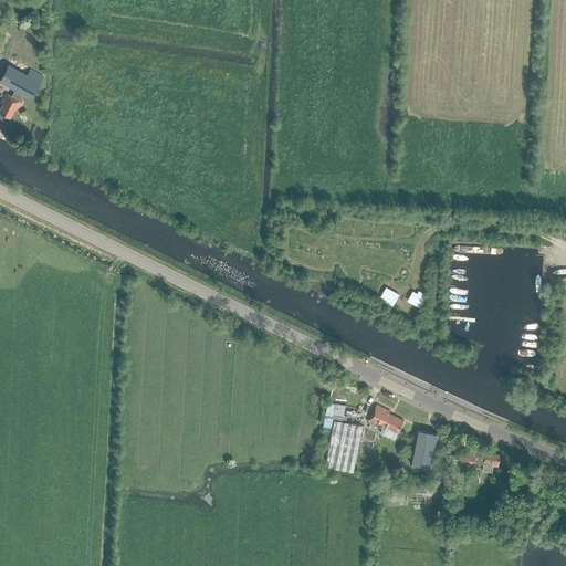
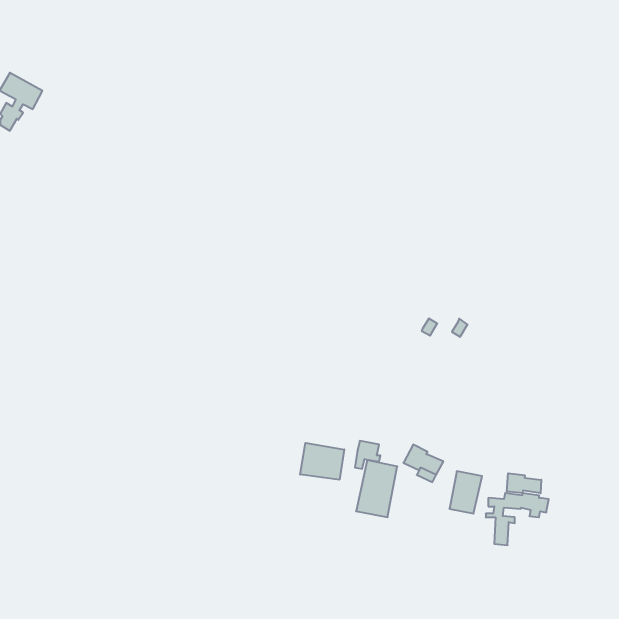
building: none -> [300,443,344,480]
building: none -> [507,473,541,493]

